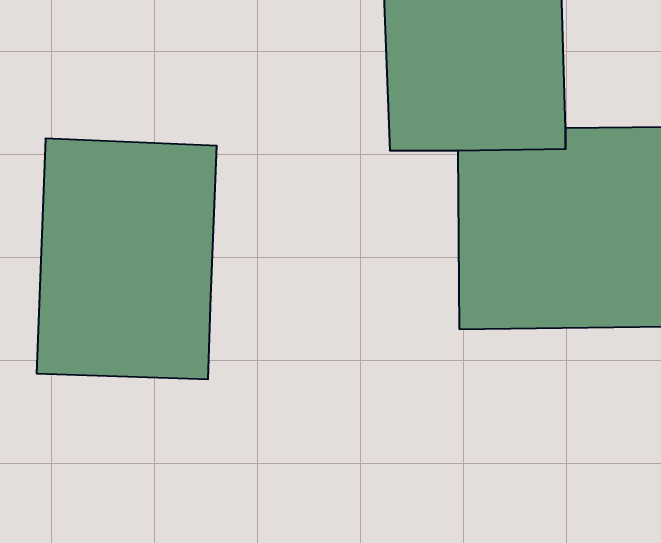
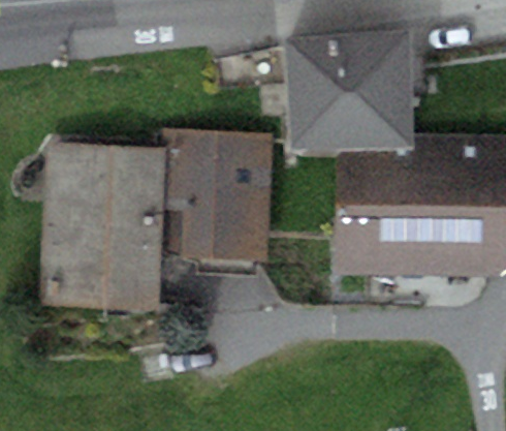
building: none -> [168,125,277,251]

